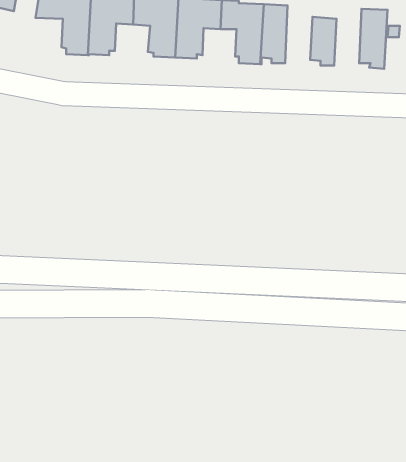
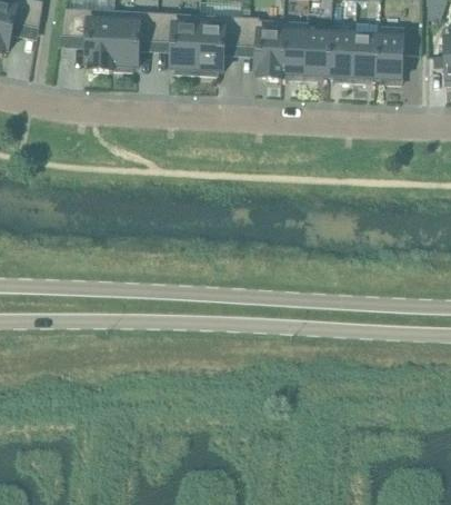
building: none -> [303,23,330,81]
building: none -> [351,27,378,83]

